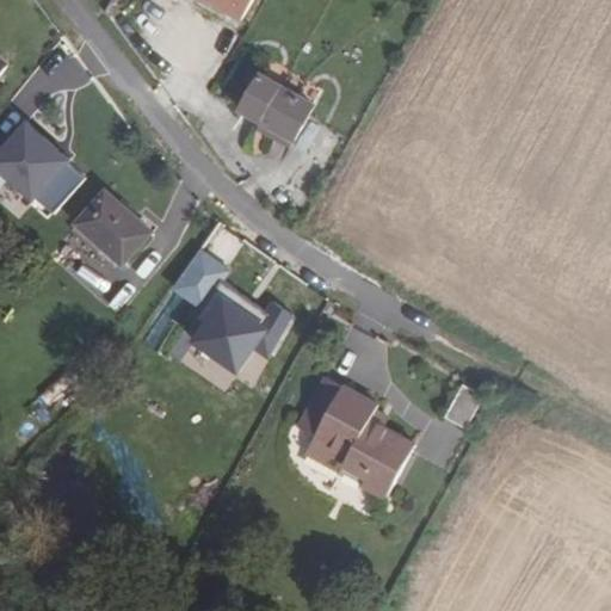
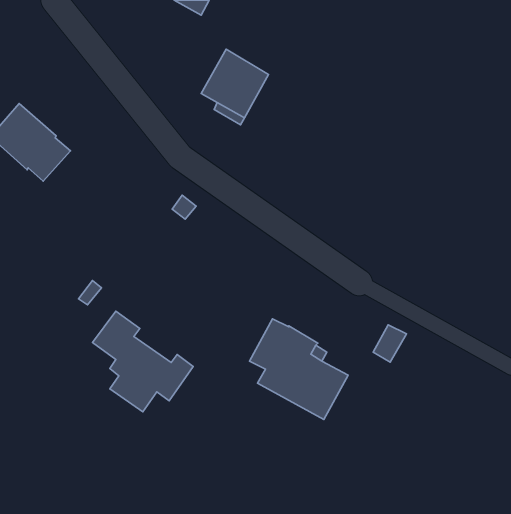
building: [73,191,149,265] -> none
building: [172,251,291,370] -> [93,311,193,412]

